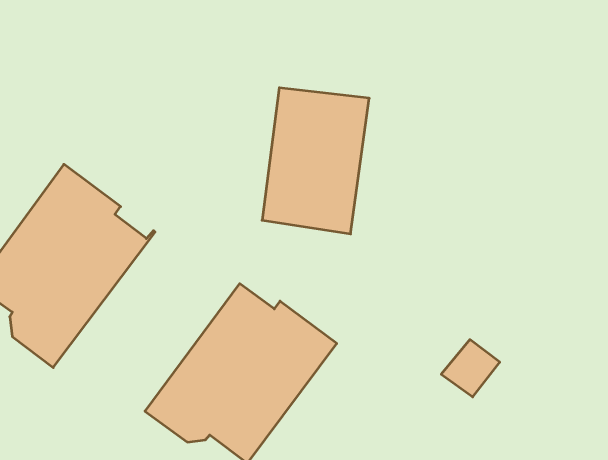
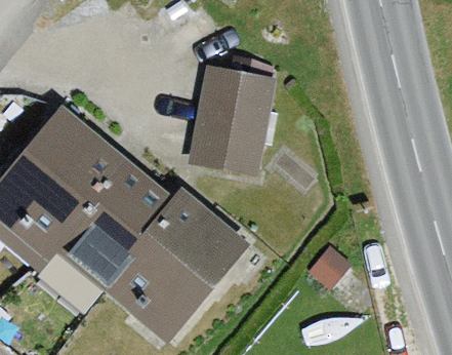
building: none -> [47,165,176,286]

